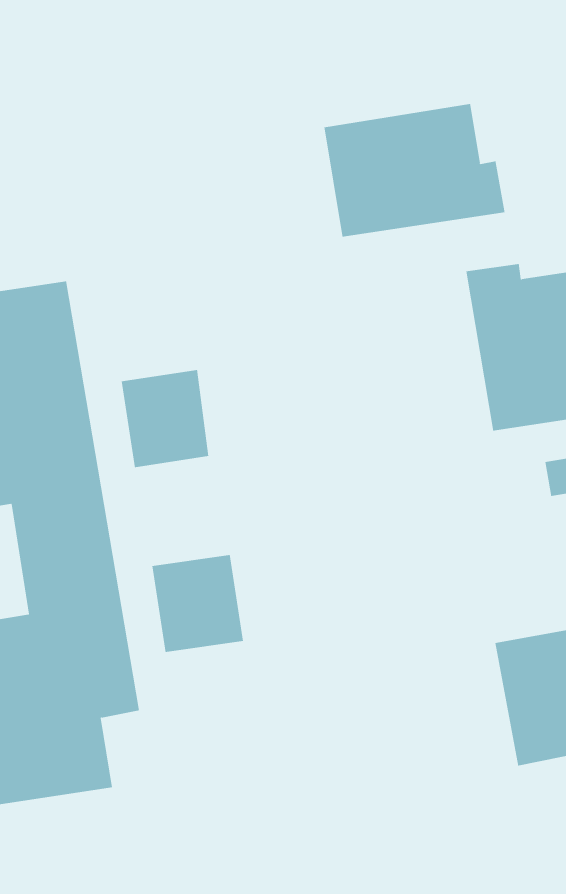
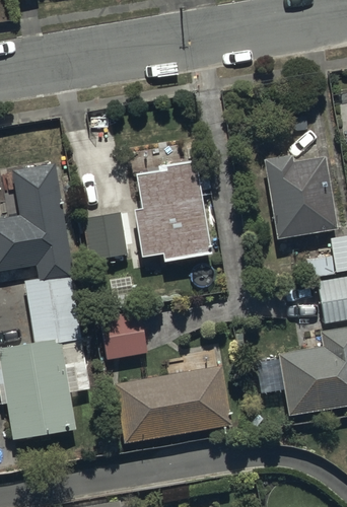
building: [324,103,505,237] -> none
building: none -> [134,161,211,261]
building: none -> [115,366,232,443]

